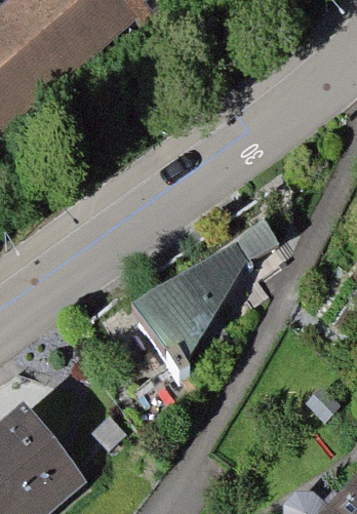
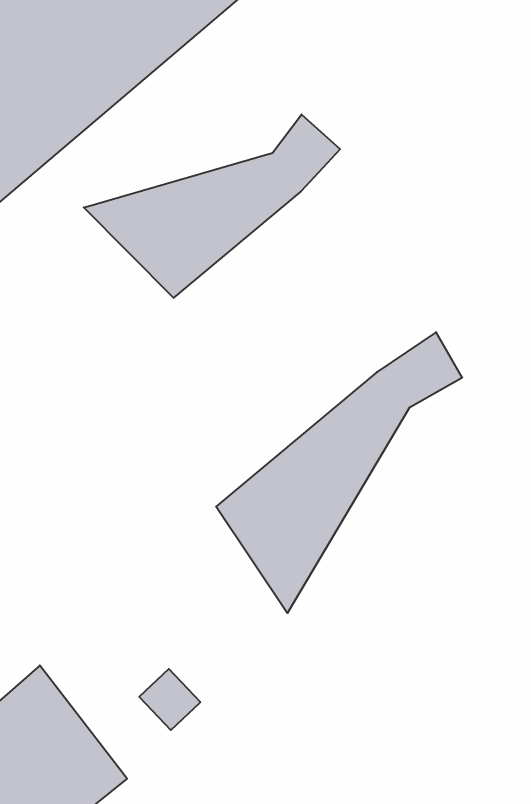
building: none -> [84,114,340,298]

